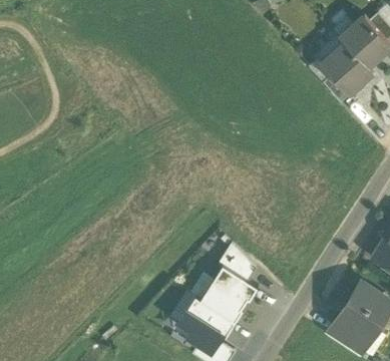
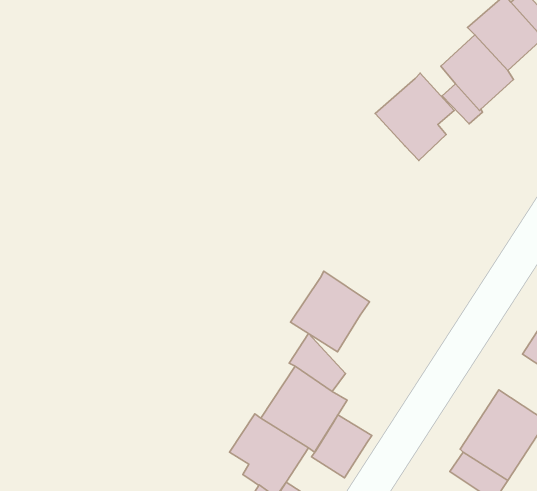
building: none -> [375,73,454,161]
building: none -> [291,271,370,352]
building: none -> [312,415,372,478]

